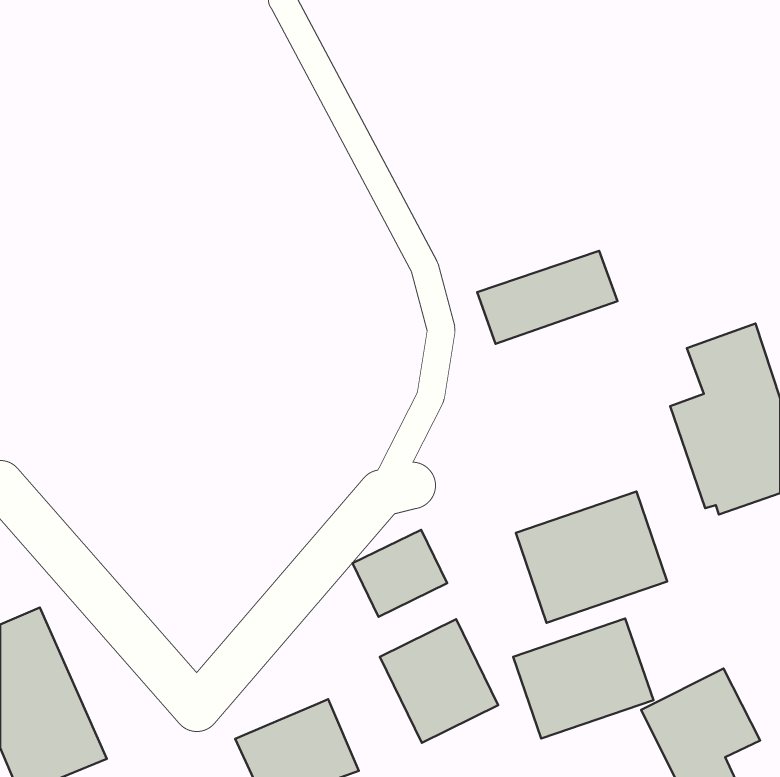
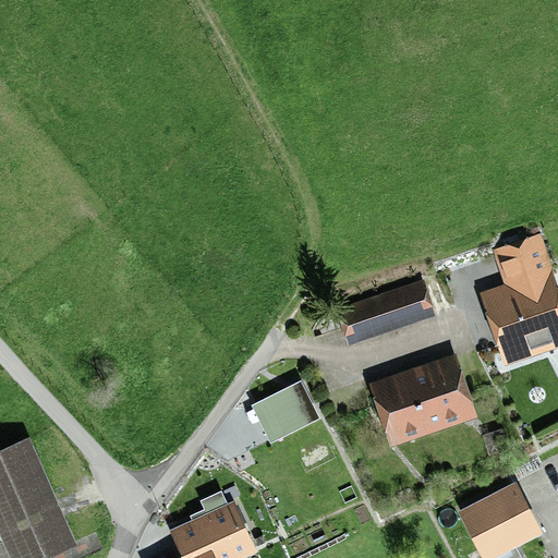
building: [477,251,618,344] -> [336,279,436,345]
building: [513,618,653,738] -> none
building: [380,619,498,743] -> none

